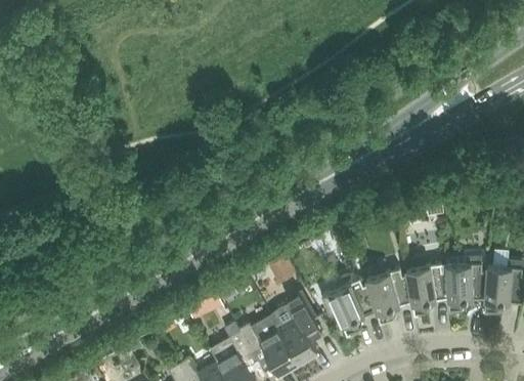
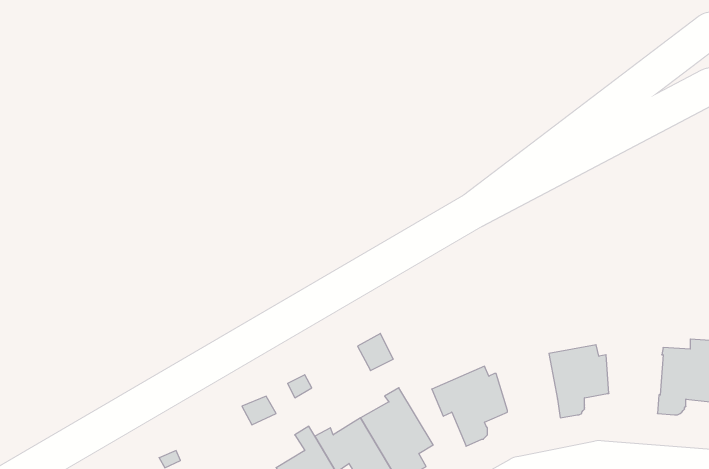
building: [445,257,486,312] -> none
building: [364,269,410,325] -> none

